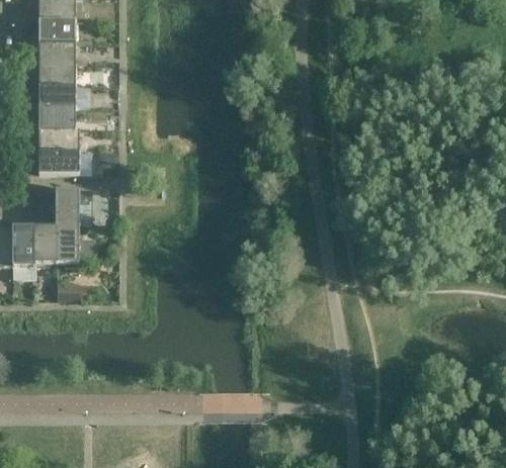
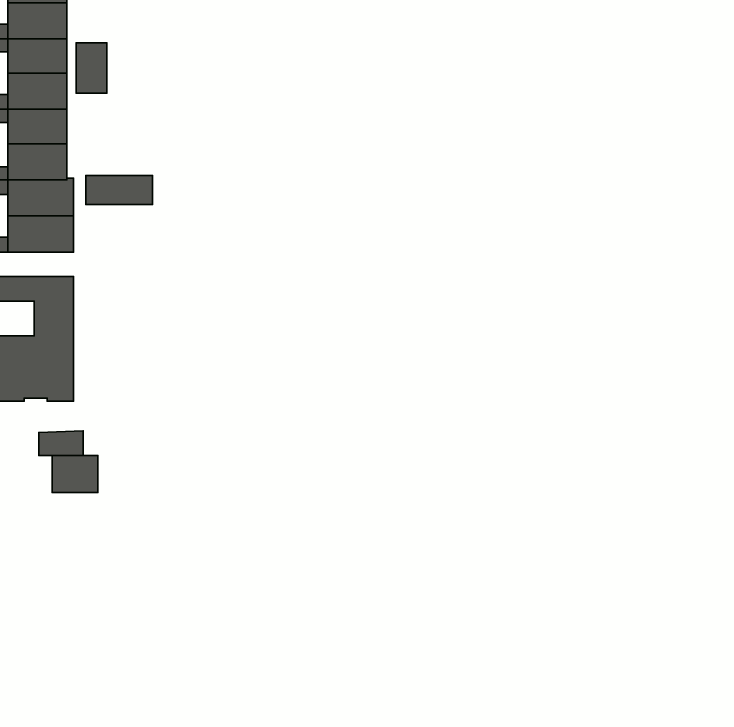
building: none -> [76,43,107,93]
building: none -> [86,175,153,204]
building: none -> [52,455,98,493]

